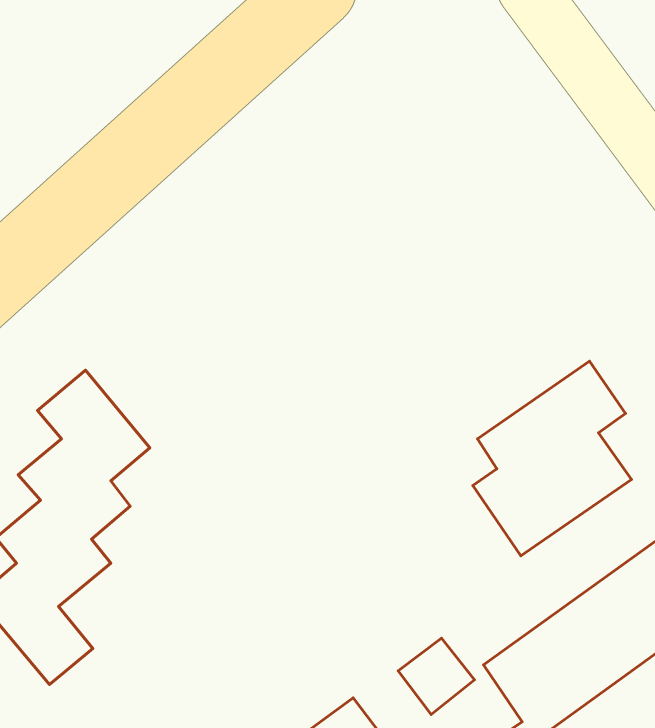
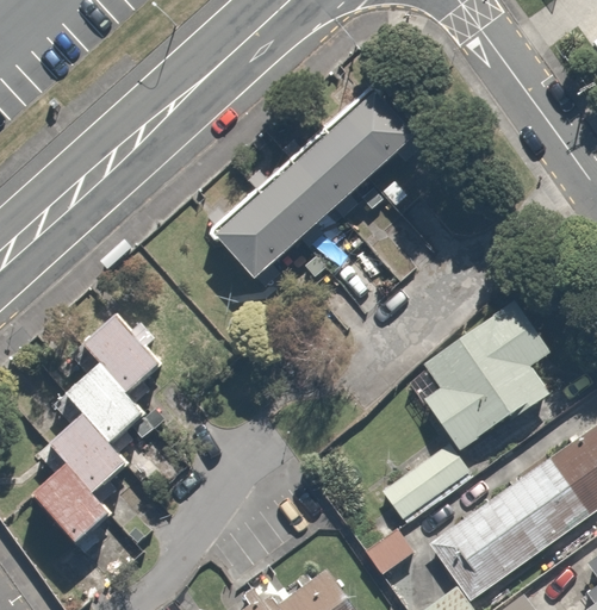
building: none -> [206,81,412,281]
building: none -> [390,453,469,525]

